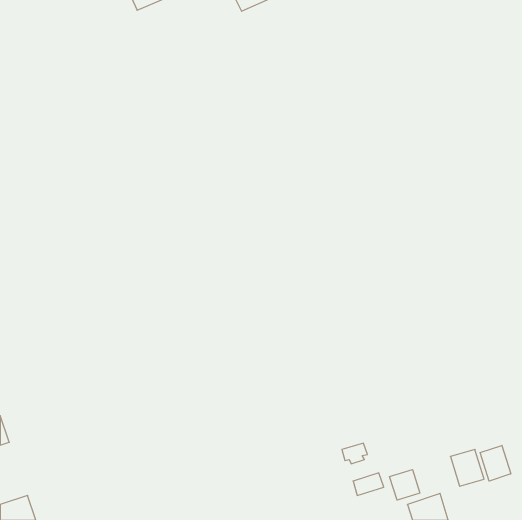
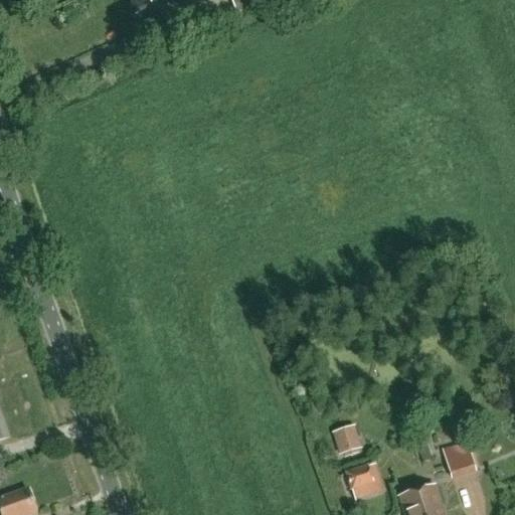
building: [480,445,511,481] -> none
building: [389,470,420,500] -> none

